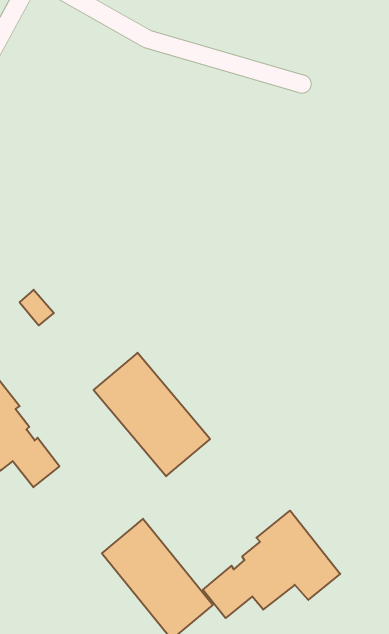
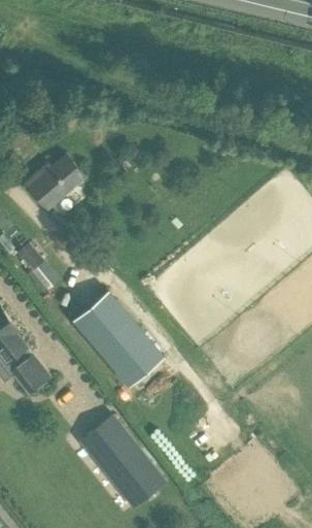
building: none -> [27,156,107,210]
building: [203,511,340,618] -> none

